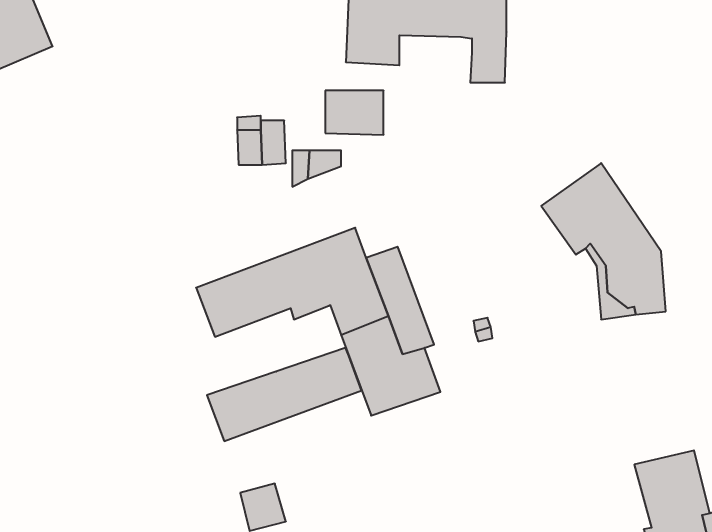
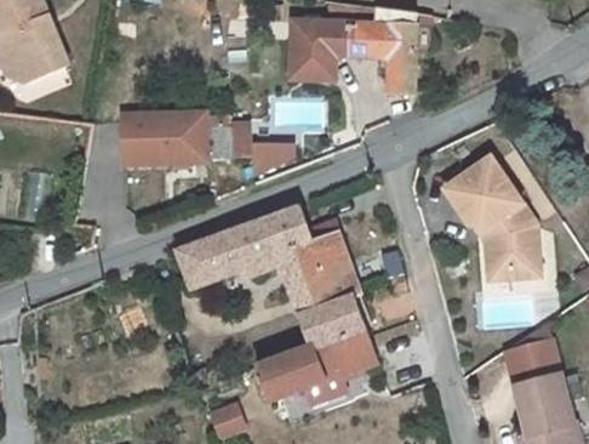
building: none -> [121,114,206,164]
building: [207,348,361,441] -> [258,330,377,402]
building: none -> [505,320,560,386]

